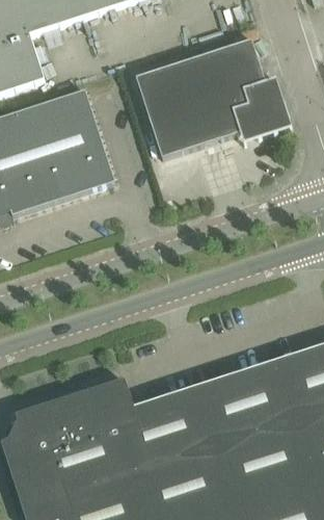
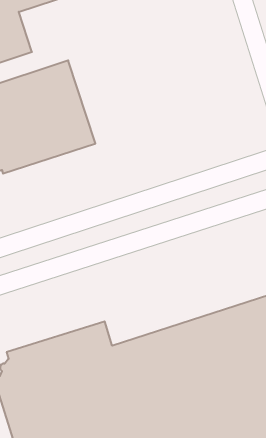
building: [136,38,292,156] -> none

